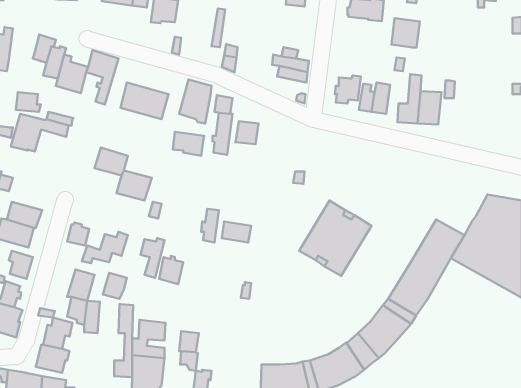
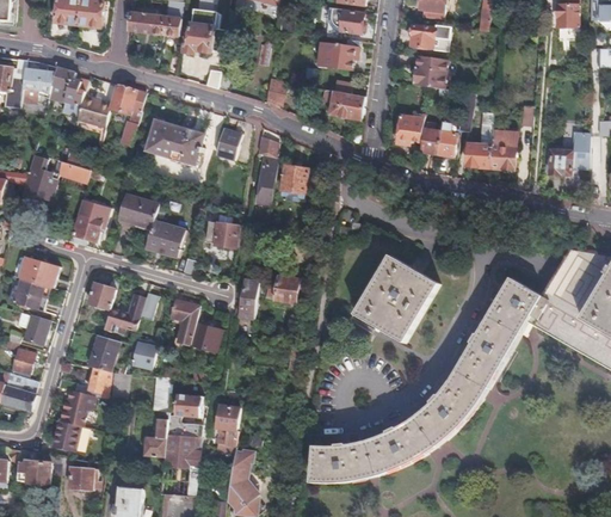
building: none -> [316,42,359,70]
building: [391,18,420,48] -> [413,55,445,88]
building: none -> [548,130,588,172]
building: [16,92,41,112] -> [24,67,53,90]
building: [173,132,204,156] -> [204,220,240,247]
building: none -> [69,201,106,246]

